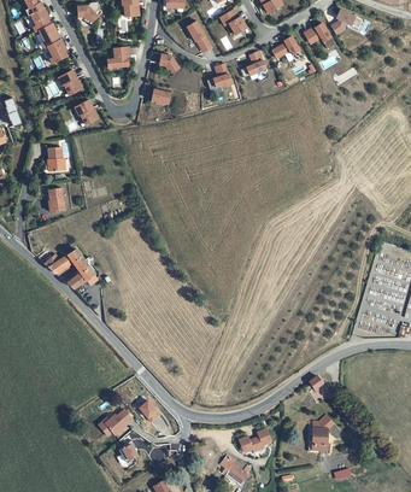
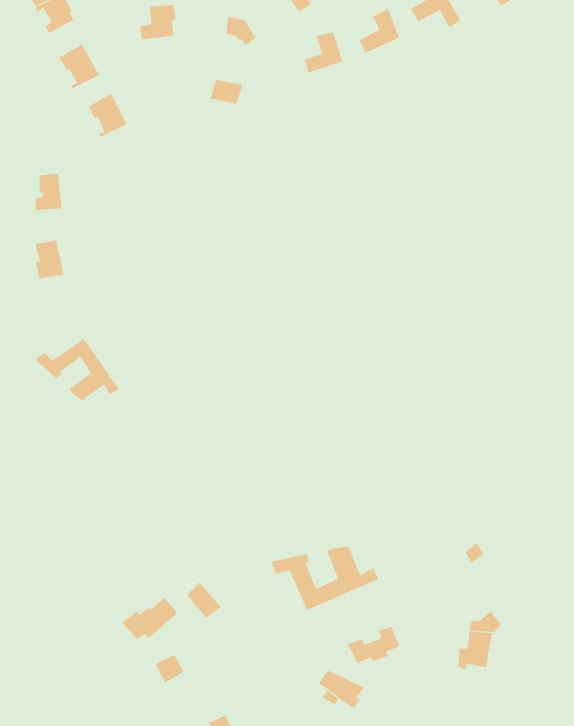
building: none -> [271,546,379,611]

